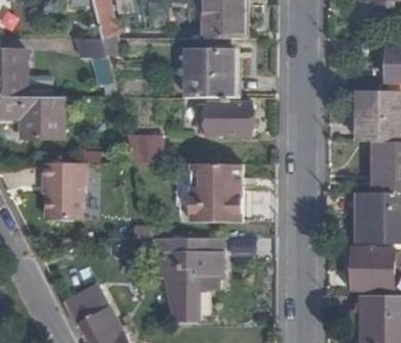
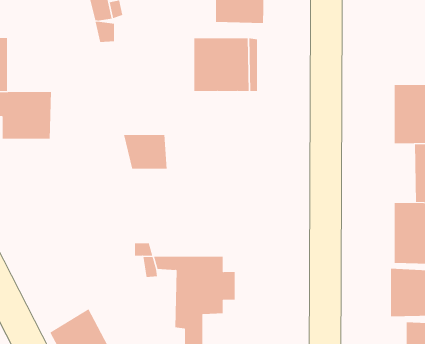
building: [205,97,251,135] -> none
building: [39,163,87,219] -> none
building: [172,163,241,222] -> none

